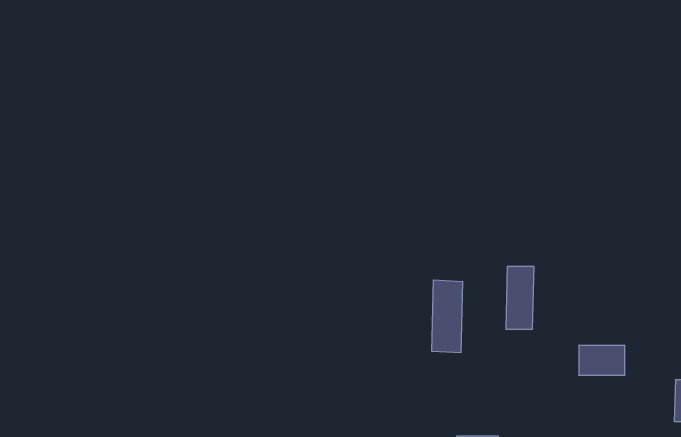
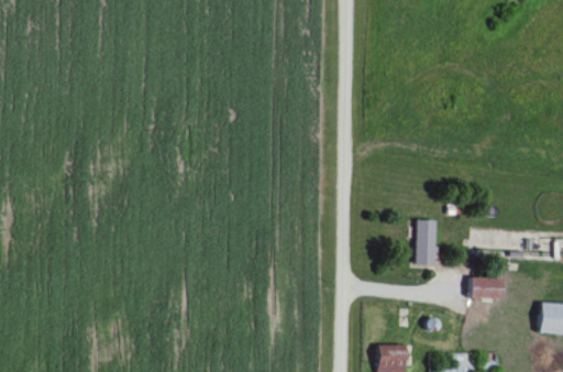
building: [432,280,463,353] -> none

